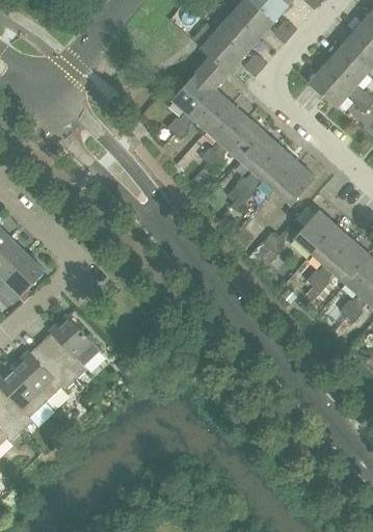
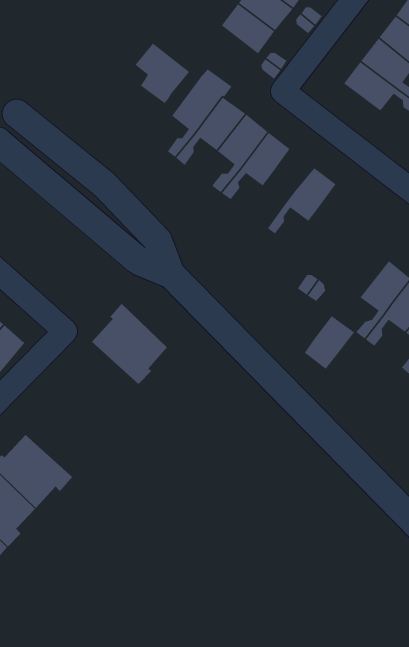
building: [199,31,243,80] -> [134,43,190,104]
building: [234,132,282,193] -> none
building: [274,162,316,205] -> none
building: [294,210,336,252] -> [304,315,355,370]
building: [41,314,101,379] -> [91,303,168,385]

